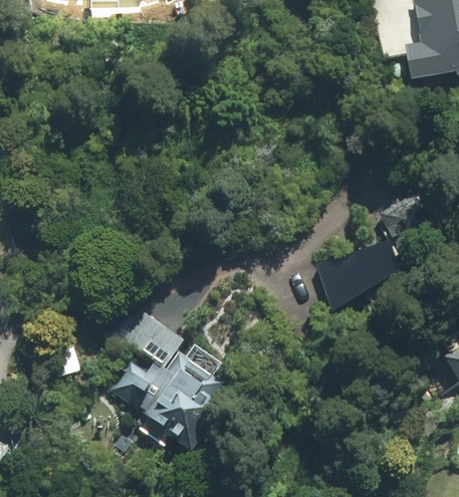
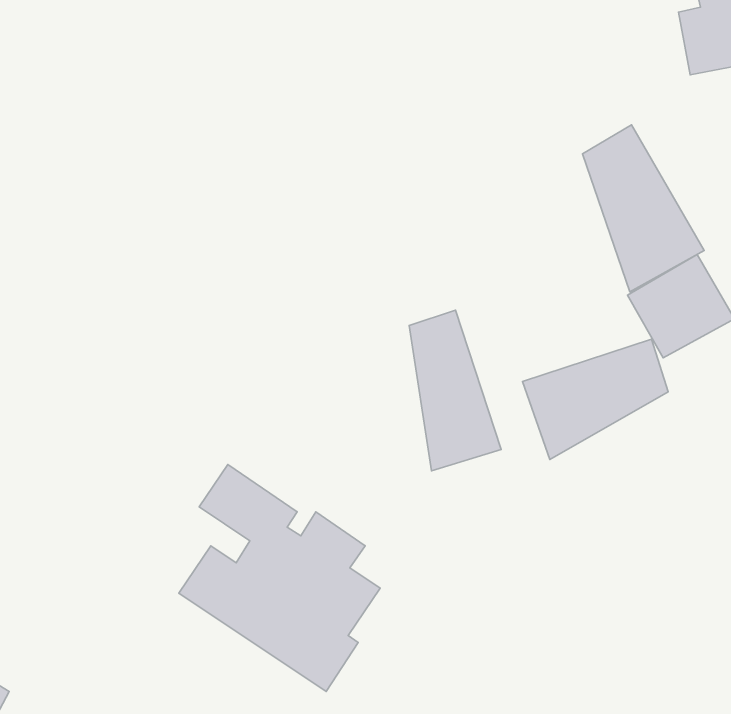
building: none -> [582,125,704,292]
building: none -> [409,310,501,471]

